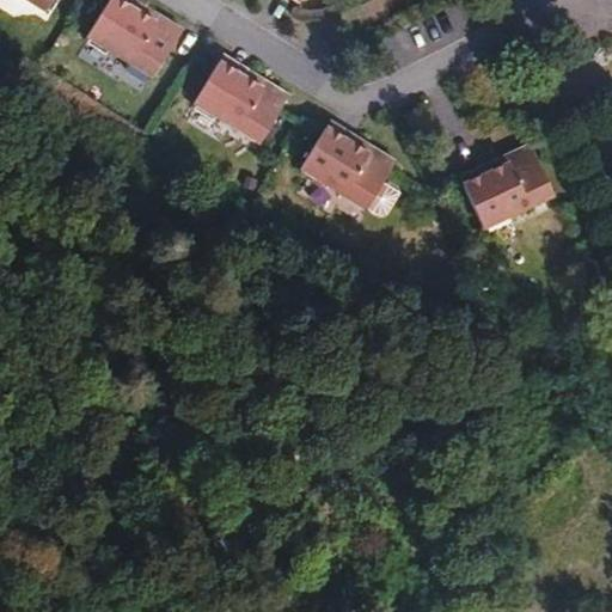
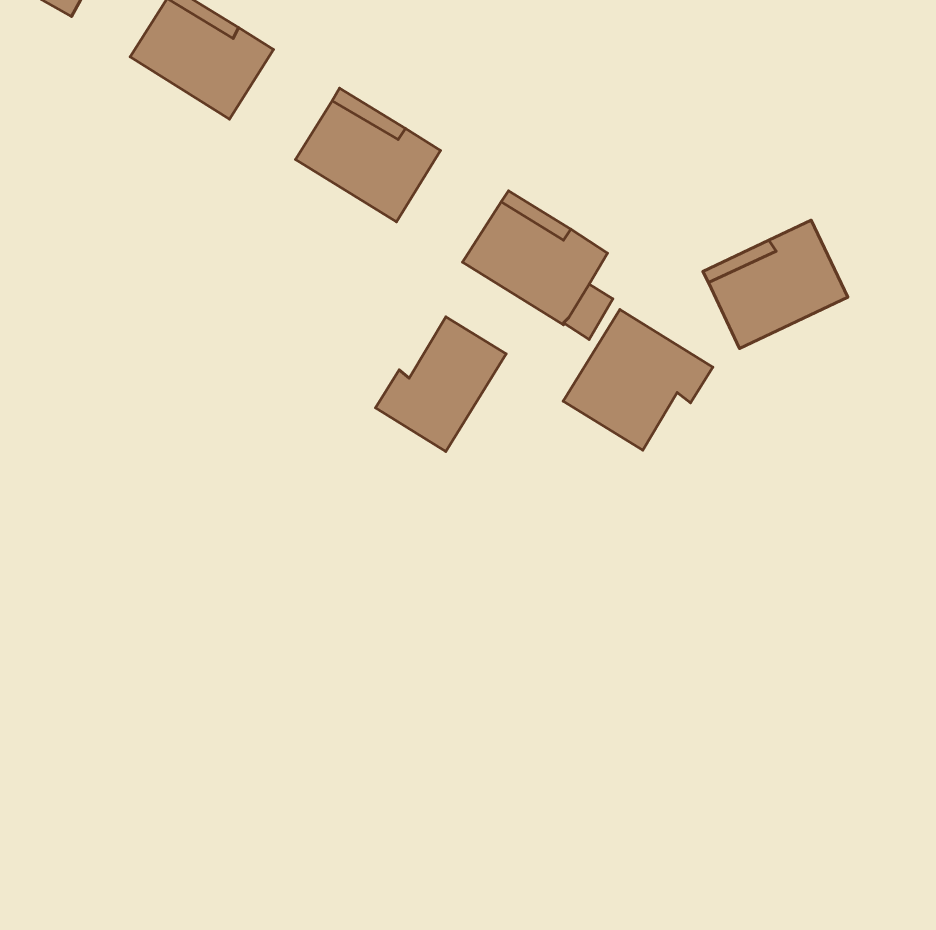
building: none -> [563,309,713,450]
building: none -> [376,317,506,451]

